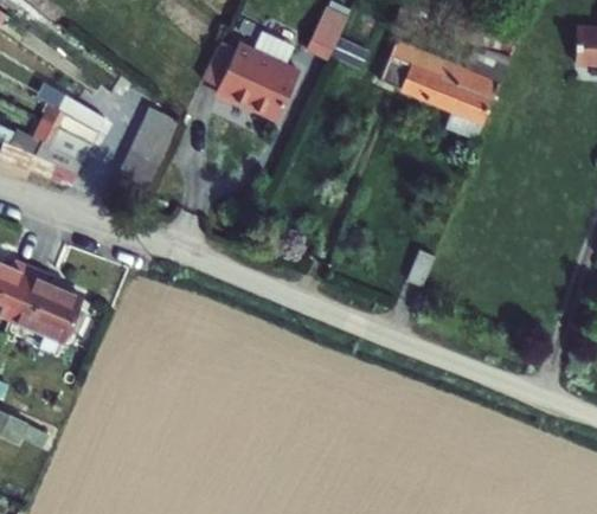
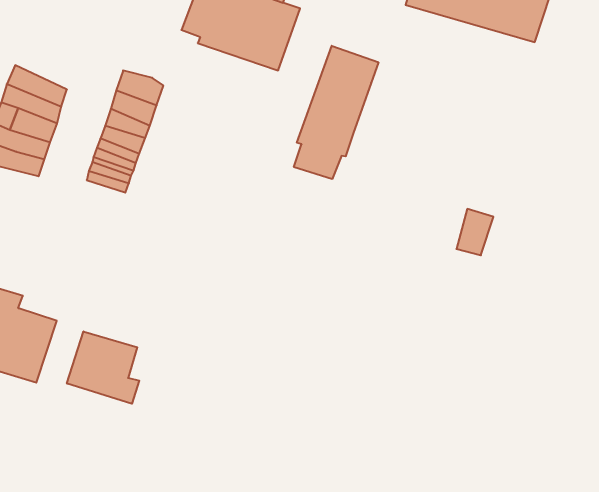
building: none -> [294,46,378,179]
building: none -> [67,331,139,404]

